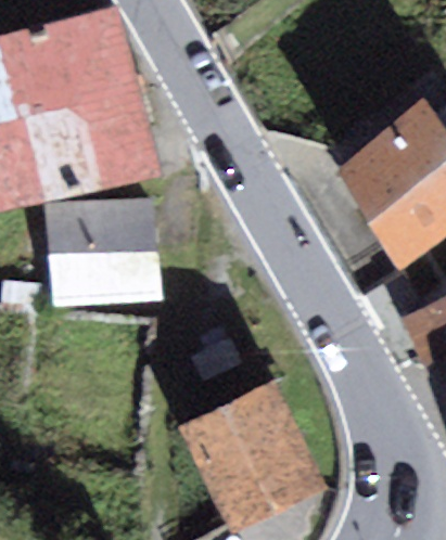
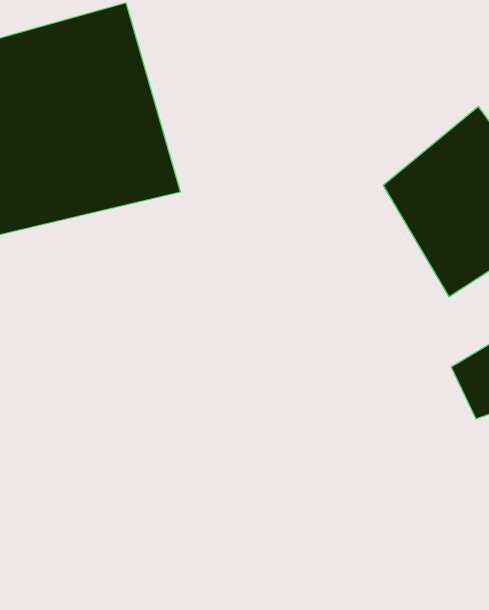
building: [44,196,163,312] -> none
building: [190,391,323,527] -> none

